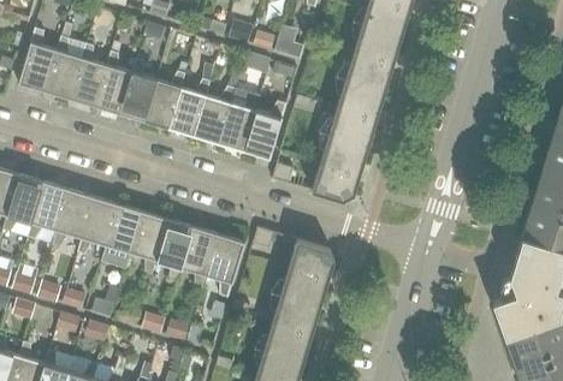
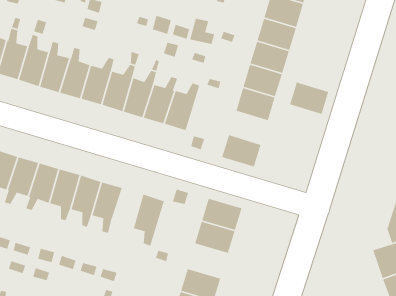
building: [320,136,368,175] -> [289,82,329,115]
building: [180,227,218,290] -> none
building: [271,294,320,335] -> none

